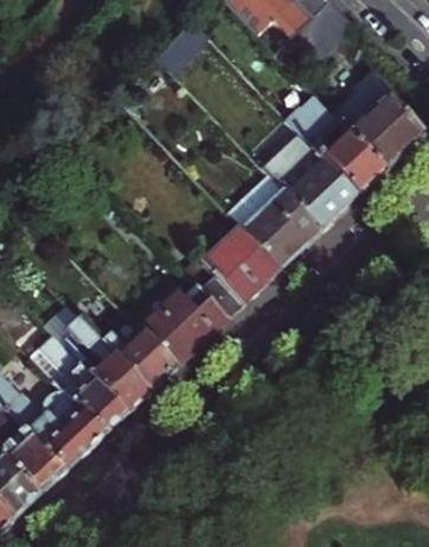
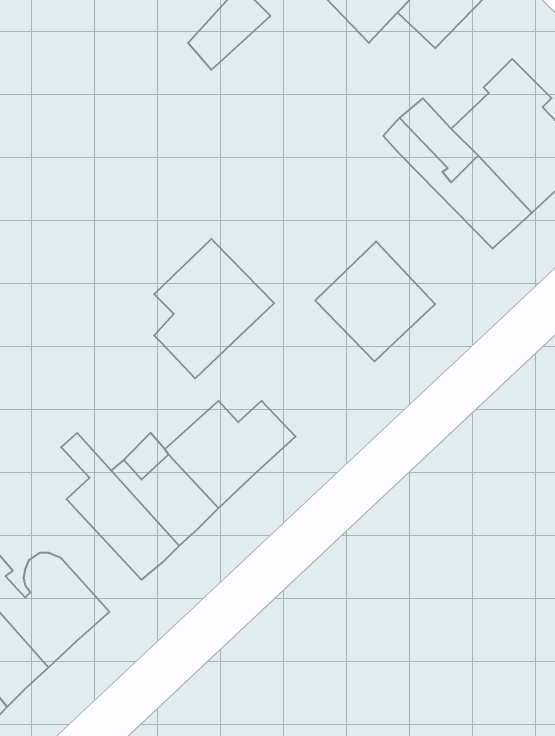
building: [261,128,360,228] -> none
building: [202,224,282,316] -> [154,239,274,378]
building: [42,333,127,433] -> none

